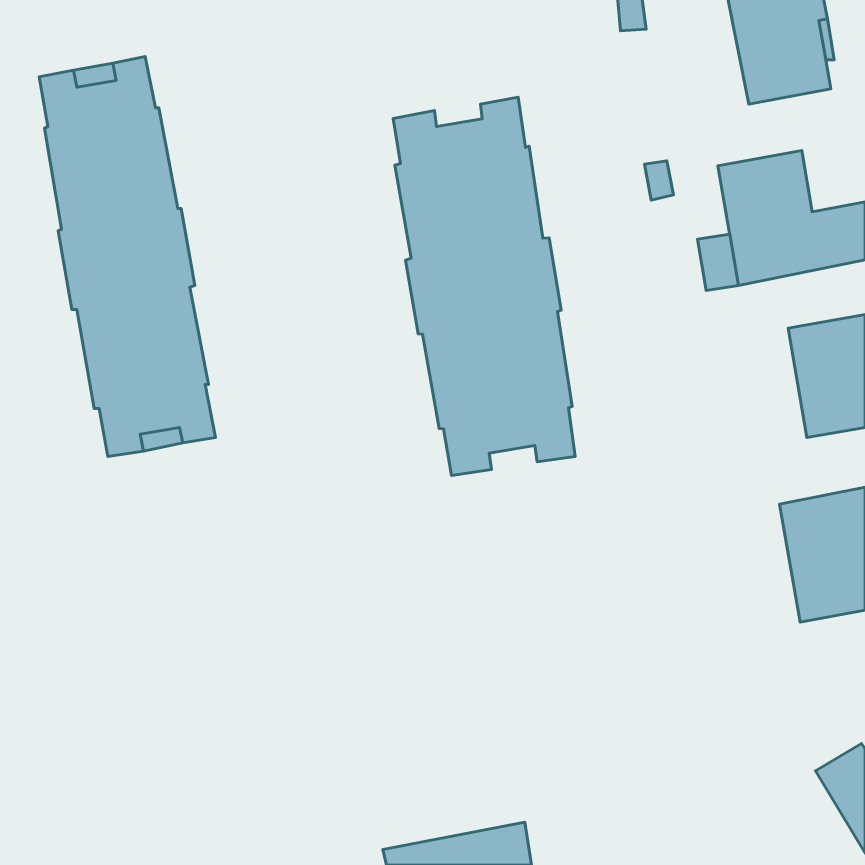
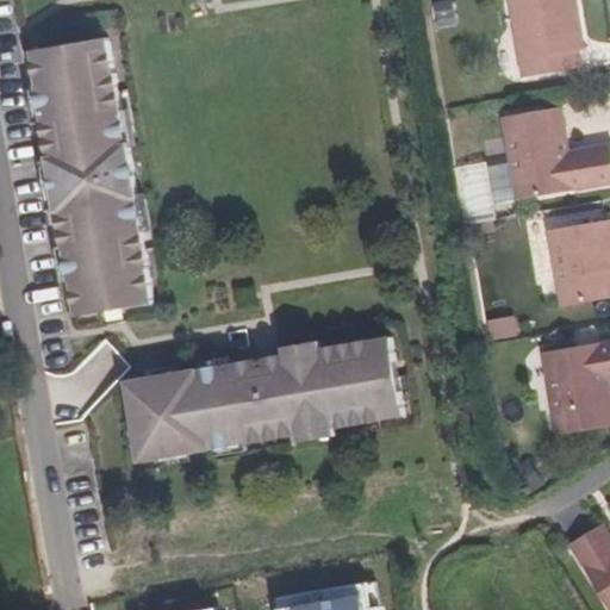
building: [393,97,575,475] -> none
building: none -> [126,336,406,463]

